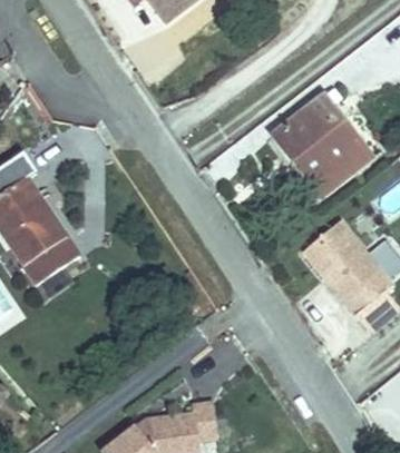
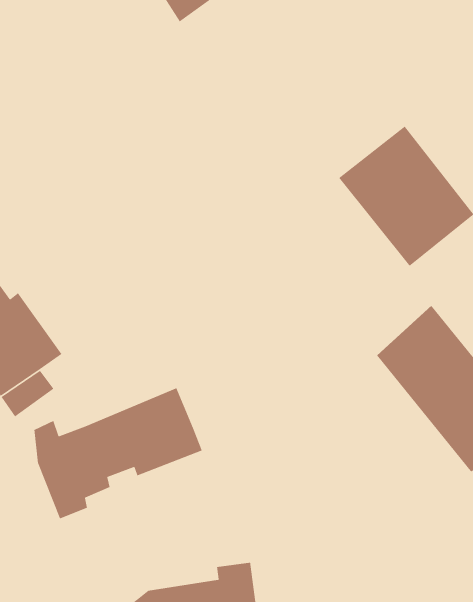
building: none -> [33,387,203,519]

